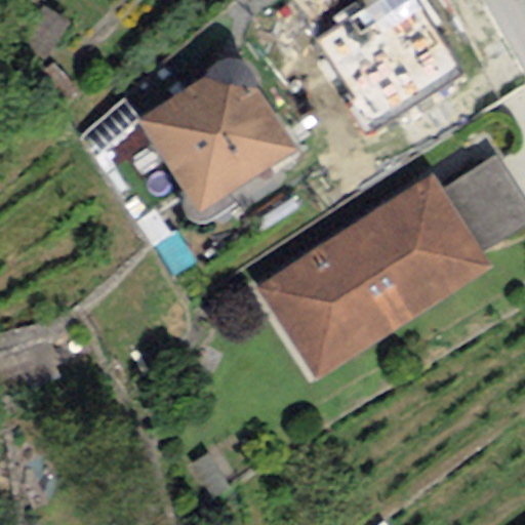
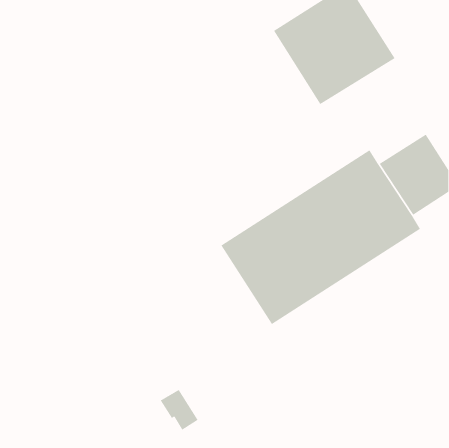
building: [137,57,293,212] -> none

